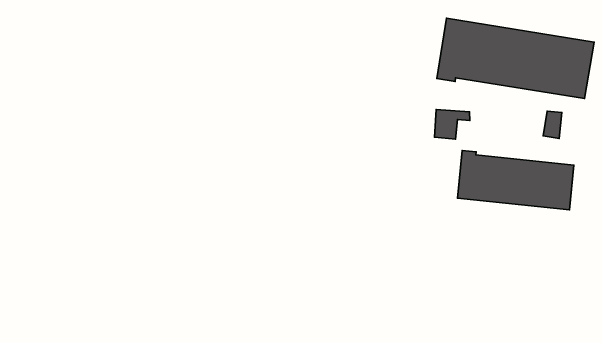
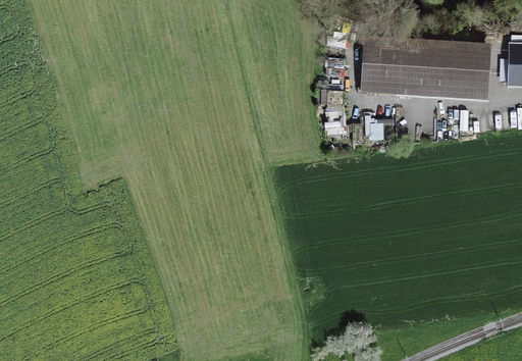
building: [458,151,574,210] -> none

